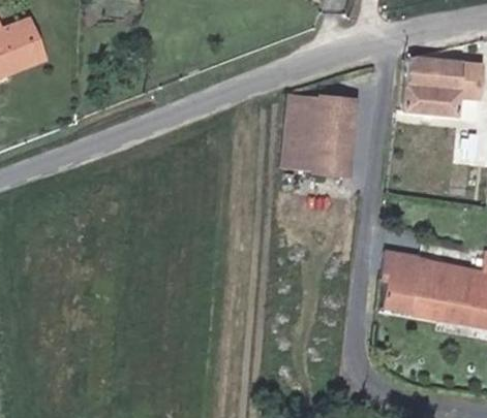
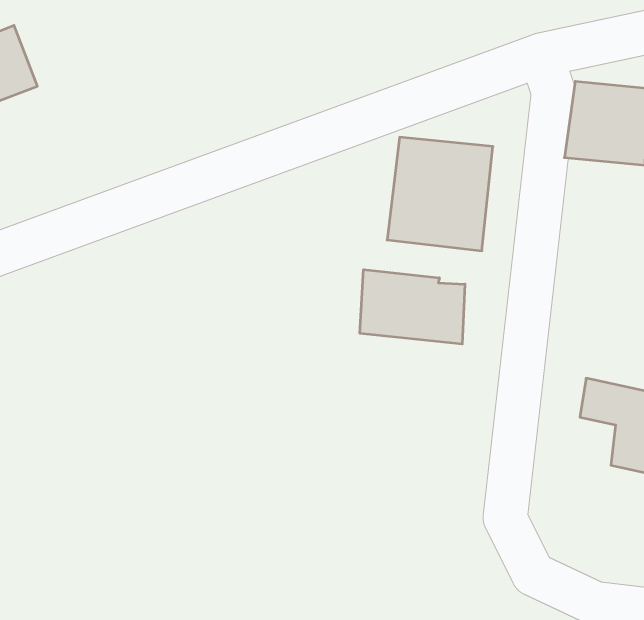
building: none -> [360,270,465,344]
building: [378,249,435,314] -> none

